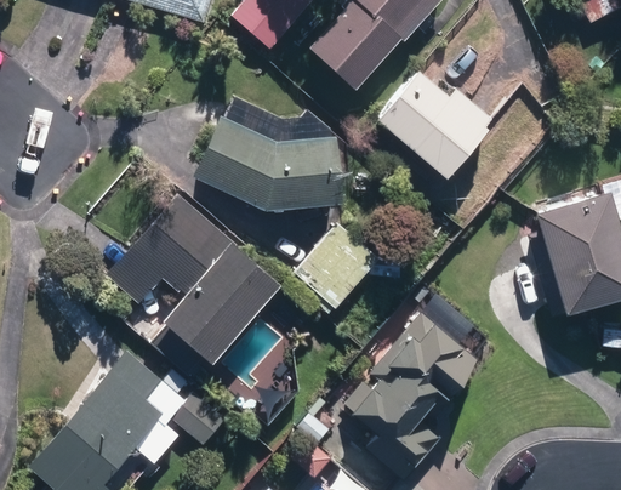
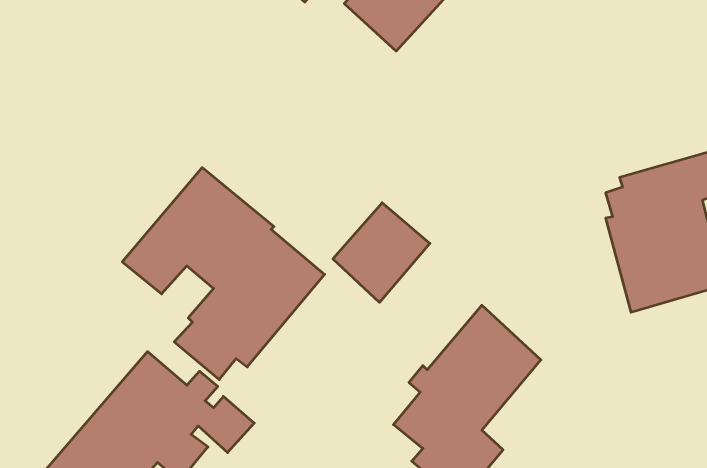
building: [374,72,490,180] -> none
building: [188,115,336,211] -> none

